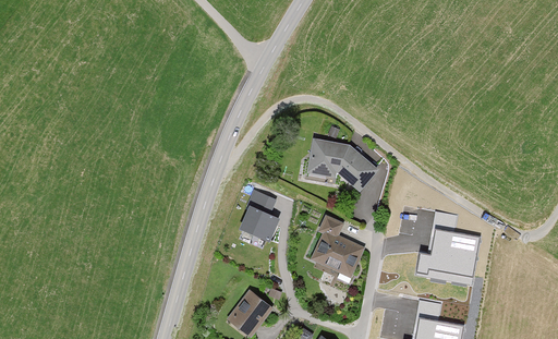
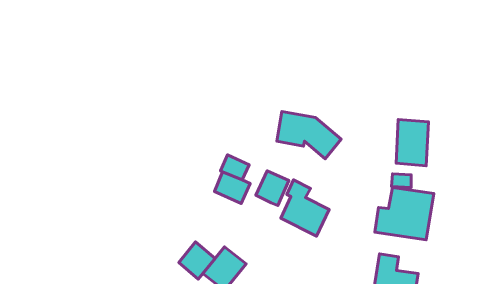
building: none -> [396,119,428,166]
building: none -> [256,171,289,205]
building: none -> [179,242,215,279]

